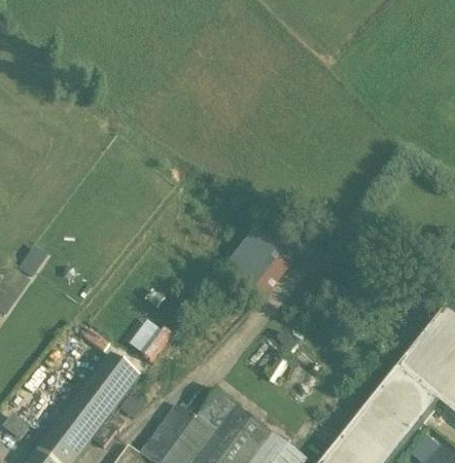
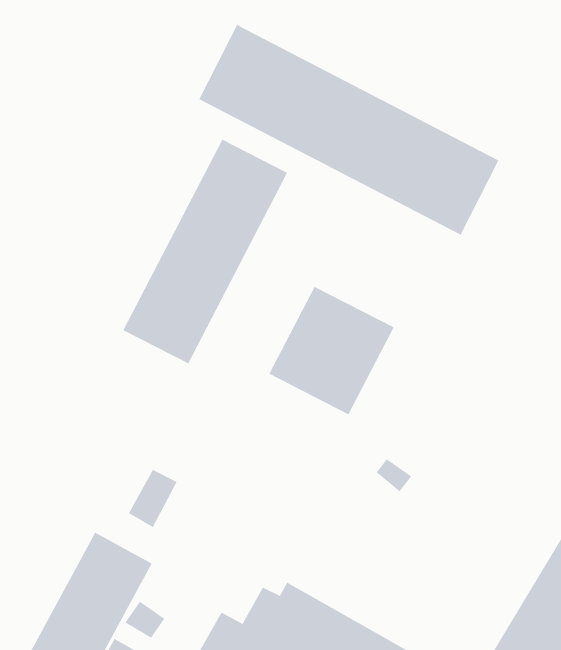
building: none -> [198,24,499,235]
building: none -> [123,139,288,364]

